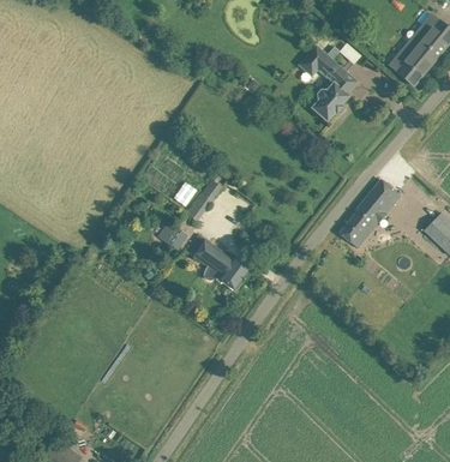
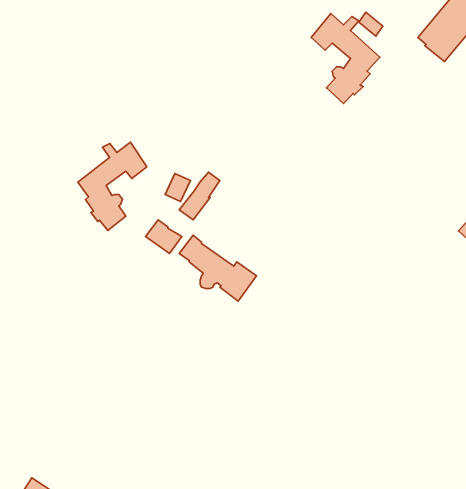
building: none -> [78,142,147,230]
building: [340,179,401,248] -> none

